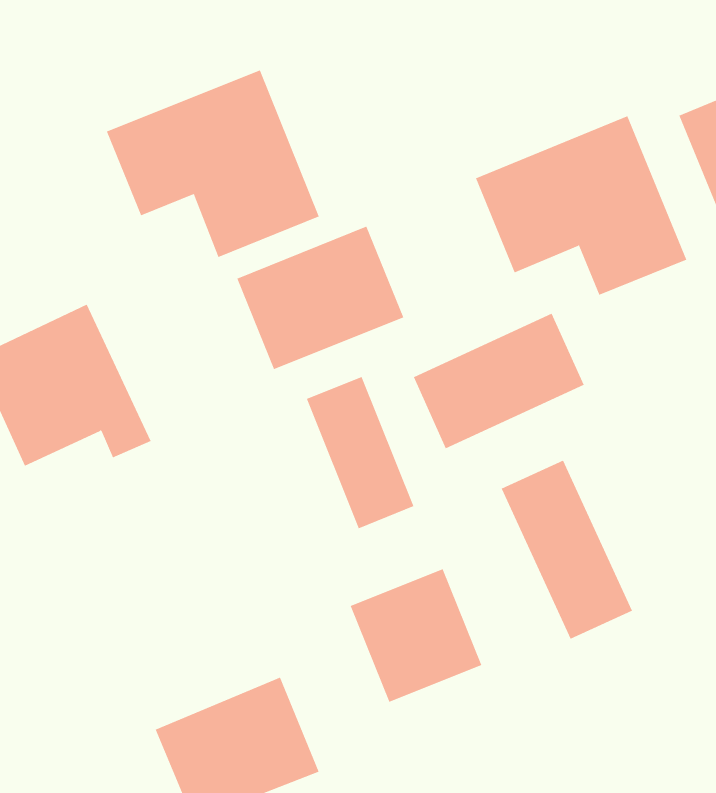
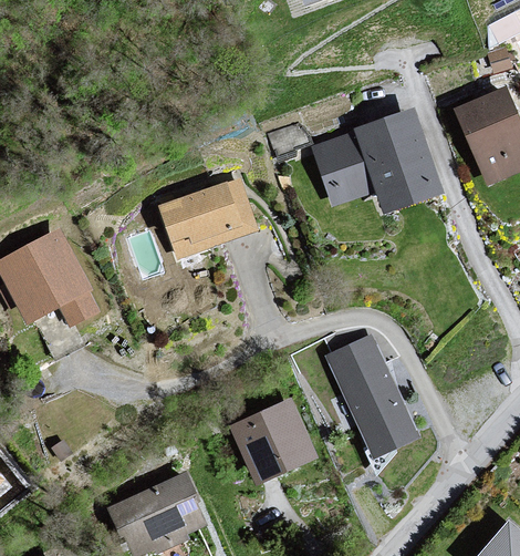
building: [106,69,319,258] -> none
building: [413,313,584,449] -> none
building: [306,376,414,529] -> none

